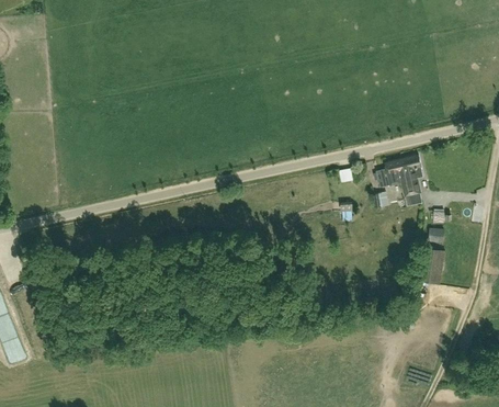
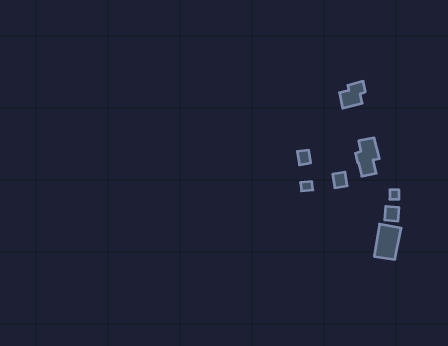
building: [376,159,404,188] -> [339,81,365,108]

